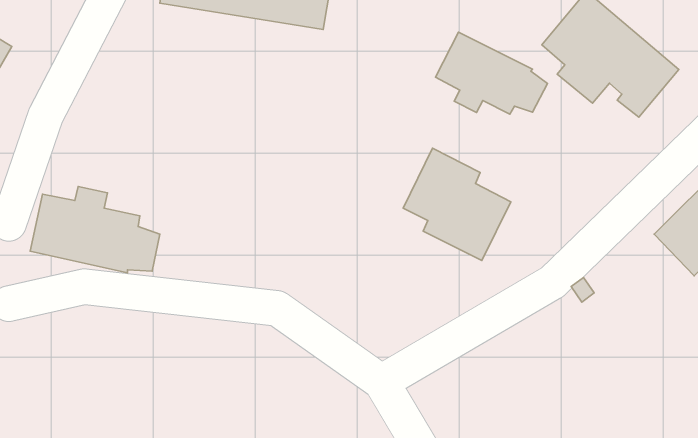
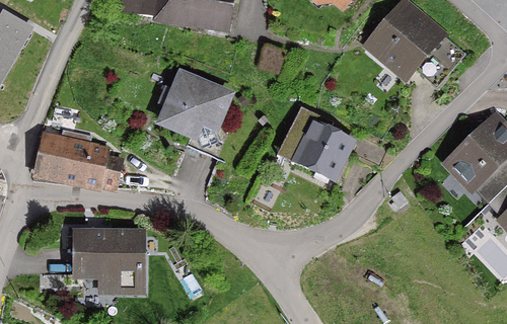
building: [436,32,548,114] -> none
building: none -> [159,75,227,138]
building: none -> [74,233,140,290]

